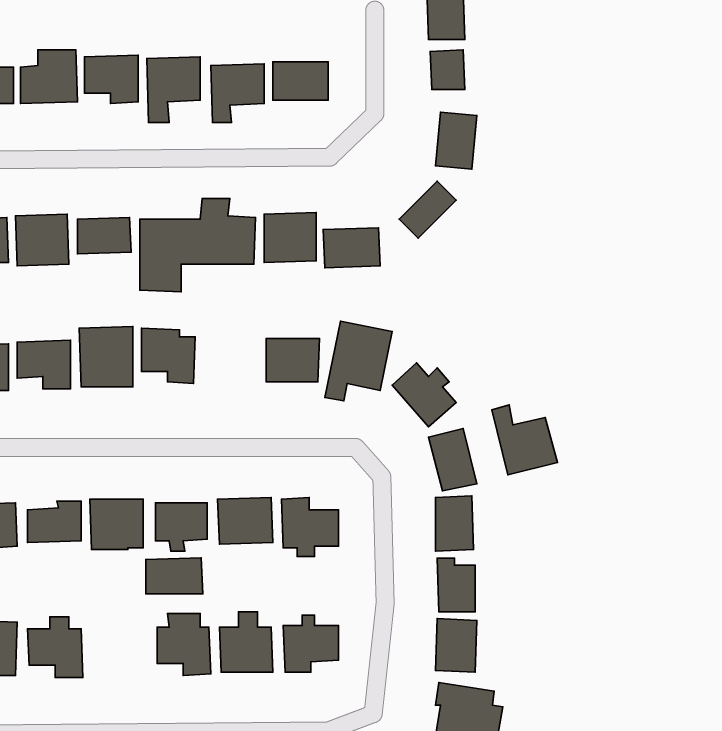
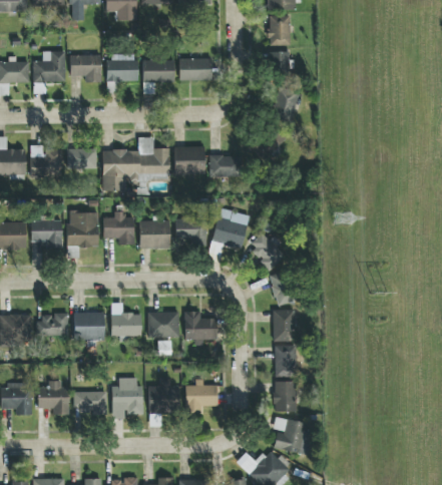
building: none -> [139,220,169,249]
building: [492,405,558,475] -> none
building: [146,558,203,594] -> [74,391,107,412]

